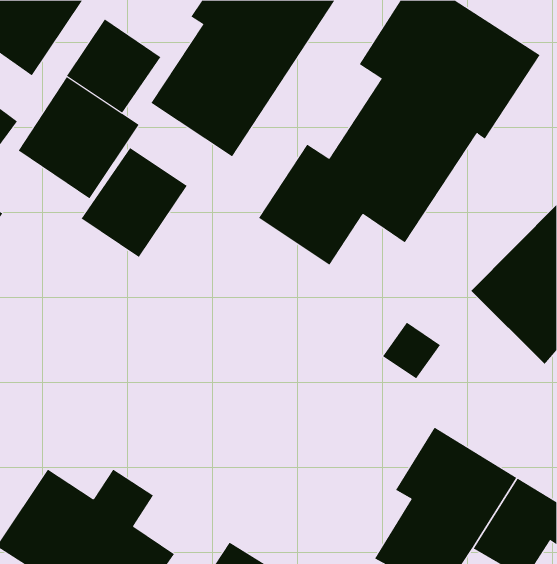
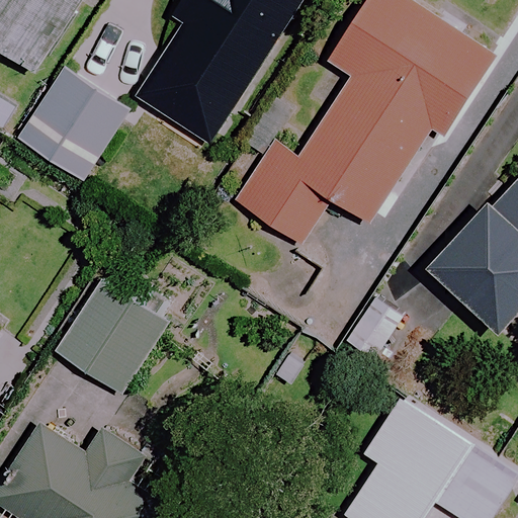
building: [66,19,161,113] -> none
building: [81,147,188,258] -> none
building: none -> [56,282,165,393]

